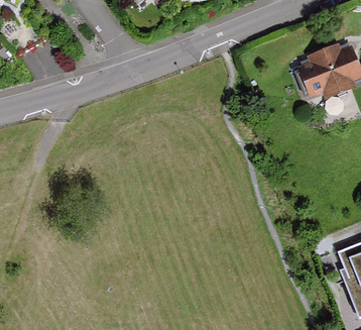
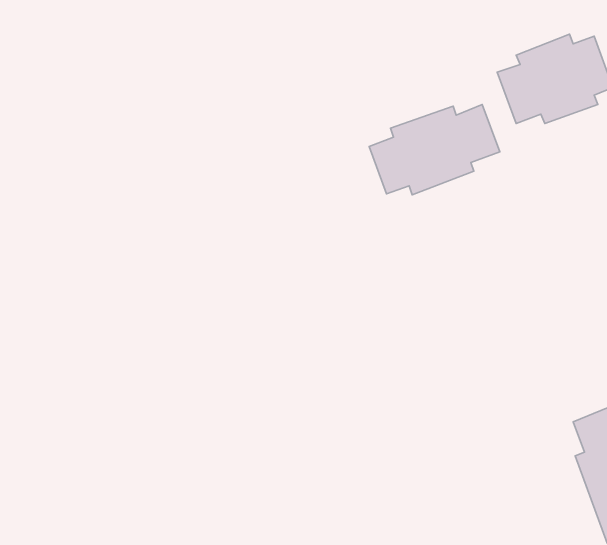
building: none -> [369,105,500,195]

